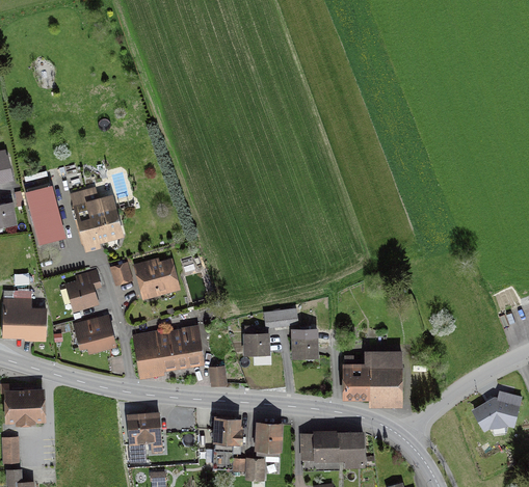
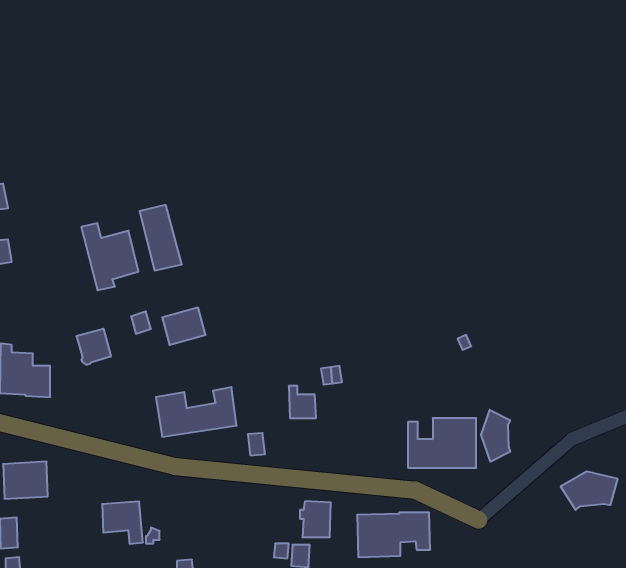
building: [28,186,63,241] -> [140,205,182,271]
building: [78,318,114,349] -> none
building: [293,329,316,356] -> none
building: none -> [481,410,510,462]
building: [128,413,162,449] -> [102,502,143,544]
building: [214,416,242,467] -> none

